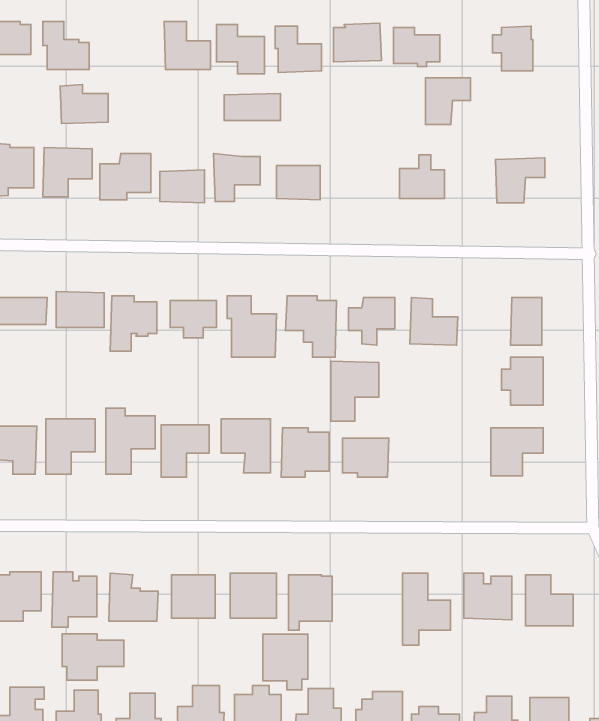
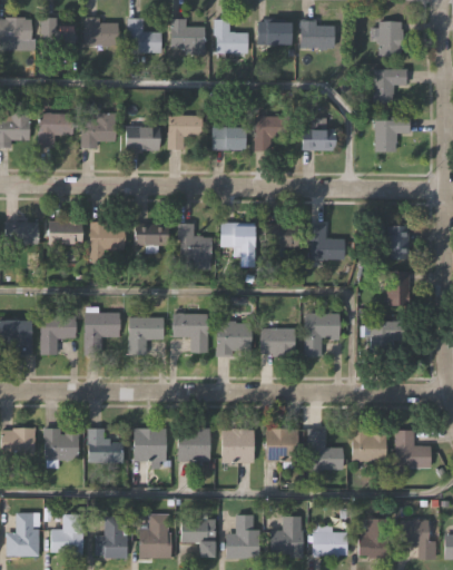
building: [425,78,470,124] -> [374,68,407,102]
building: [60,85,108,124] -> [83,18,119,47]
building: [224,94,280,120] -> none
building: none -> [255,117,290,151]
building: [331,361,379,421] -> [304,312,339,356]
building: [62,634,124,680] -> none
building: [263,634,308,690] -> [263,428,296,469]

